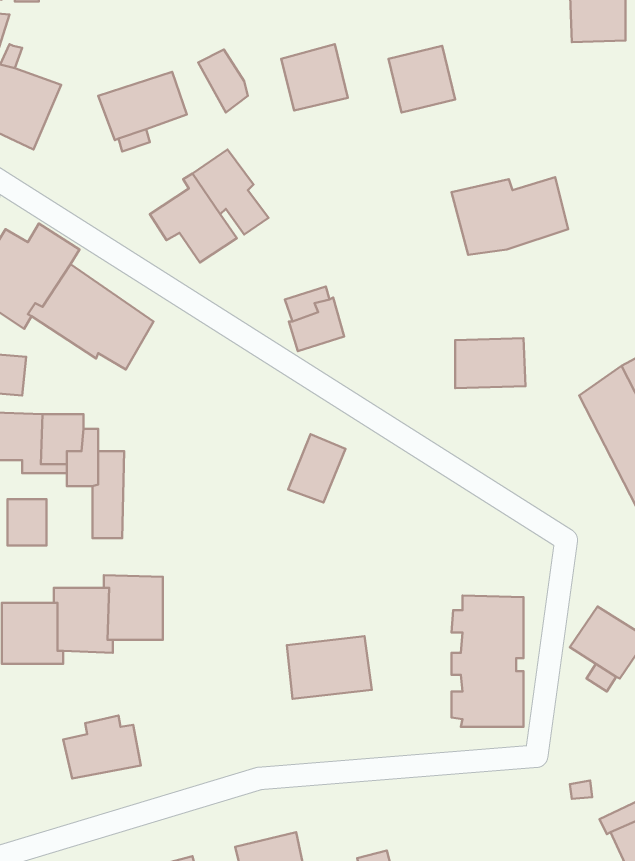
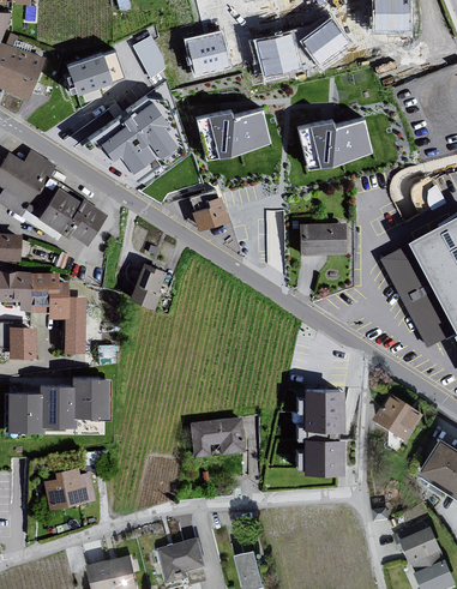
building: none -> [303,20,349,65]
building: none -> [197,109,270,161]
building: [288,434,346,503] -> [131,264,168,308]

